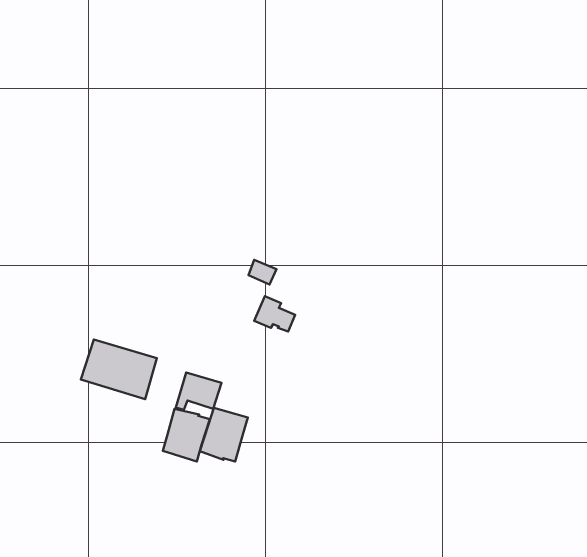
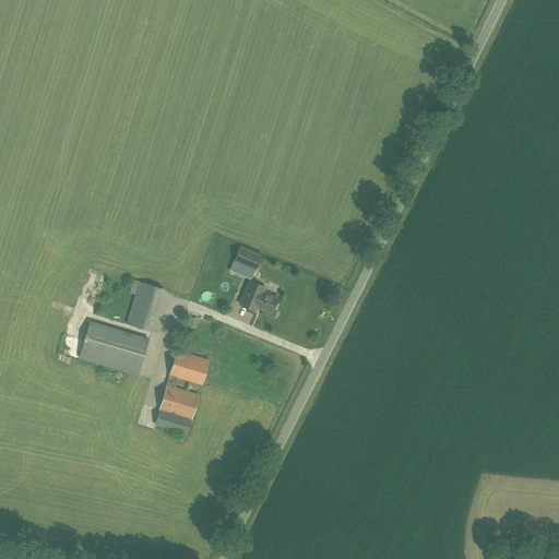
building: none -> [127,280,164,330]
building: [200,408,248,462] -> none

